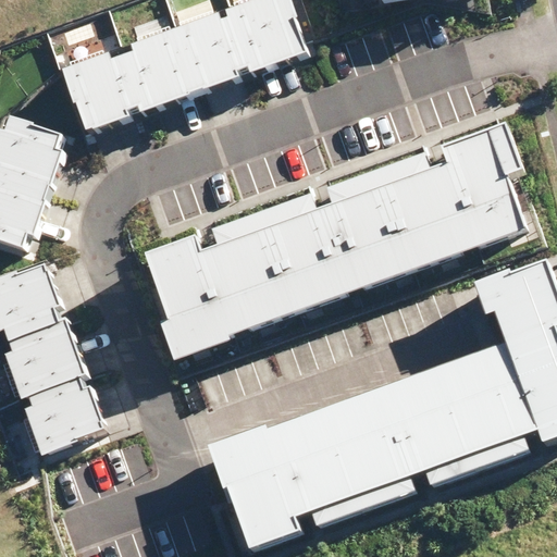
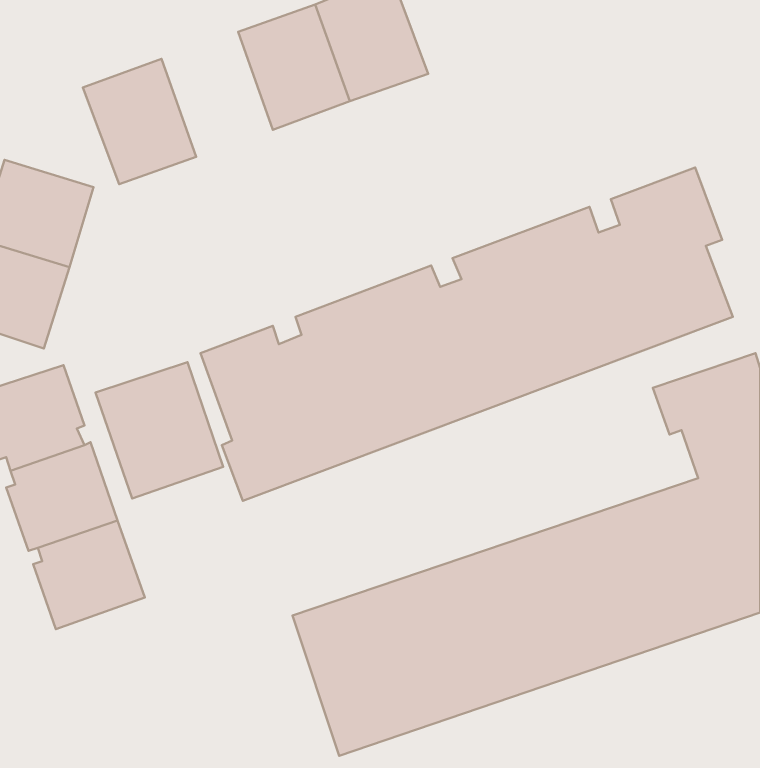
building: [116,23,197,113] -> none
building: none -> [95,362,223,498]

